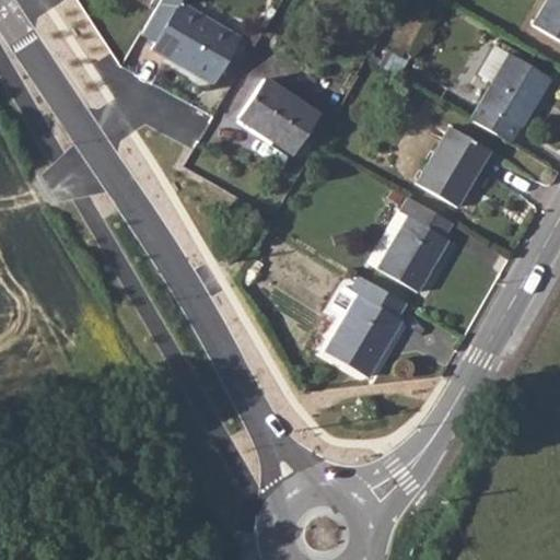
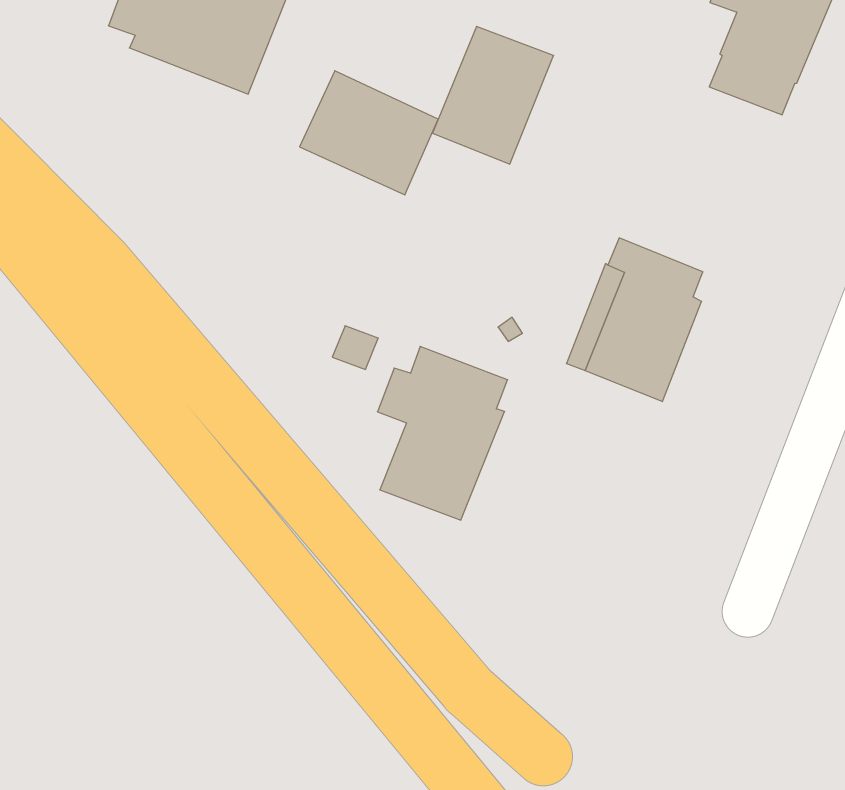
building: [417,127,491,207] -> [433,26,554,164]
building: [326,276,407,376] -> [377,346,508,520]

